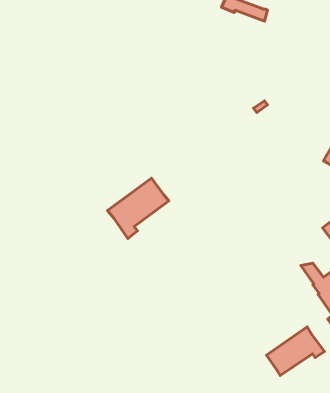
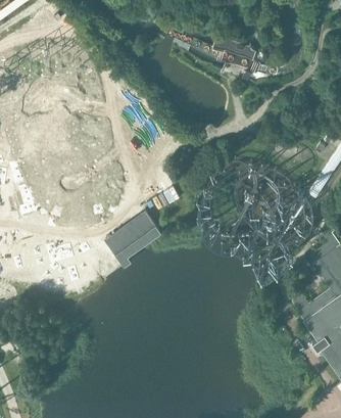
building: [267,327,324,376] -> none

